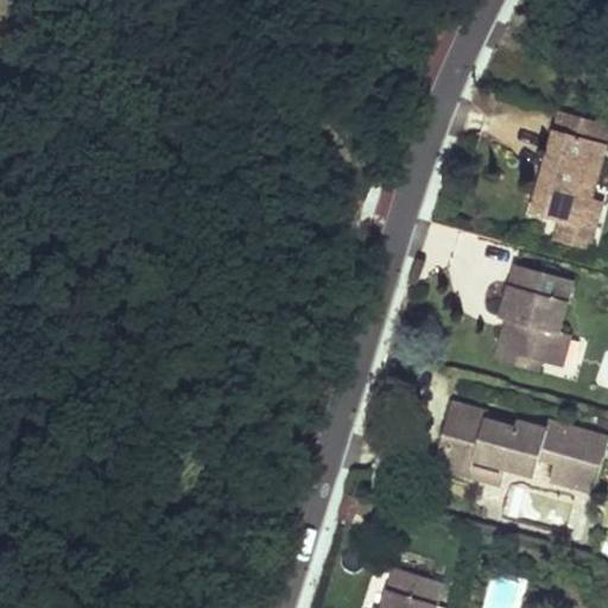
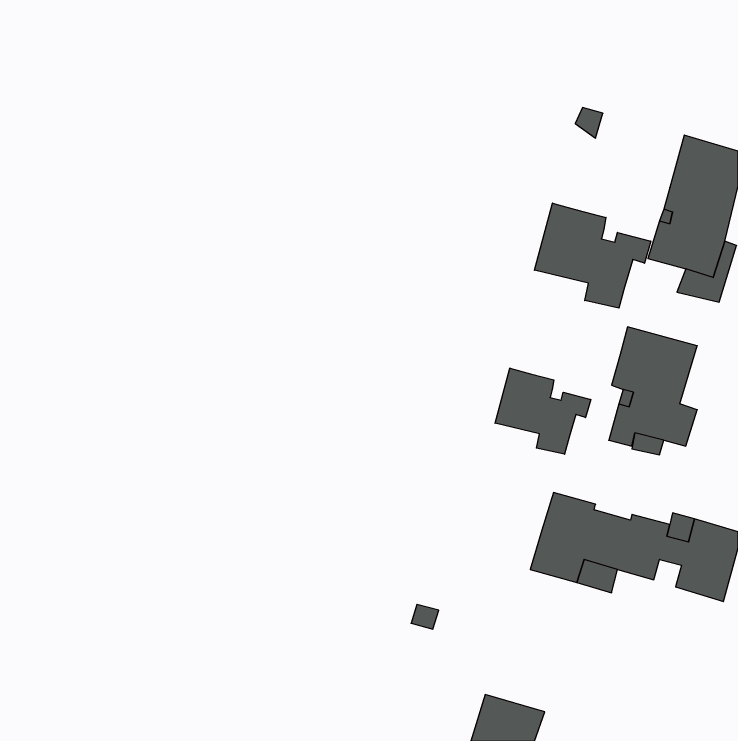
building: none -> [534,203,651,308]
building: none -> [495,368,591,454]

